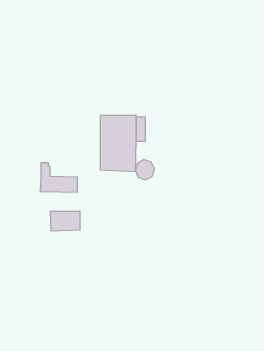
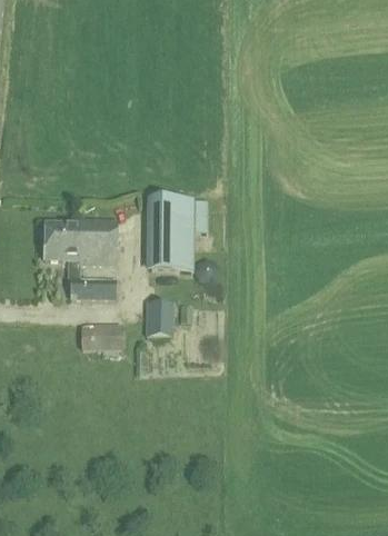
building: none -> [44,218,116,265]
building: none -> [146,300,175,336]

